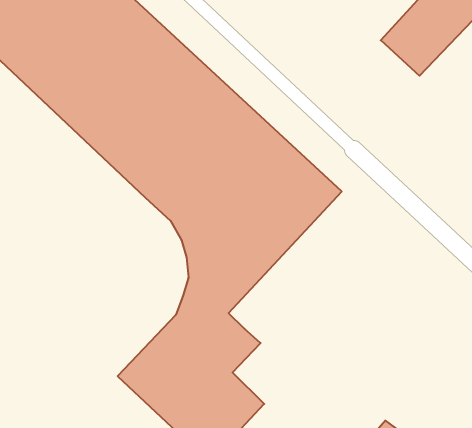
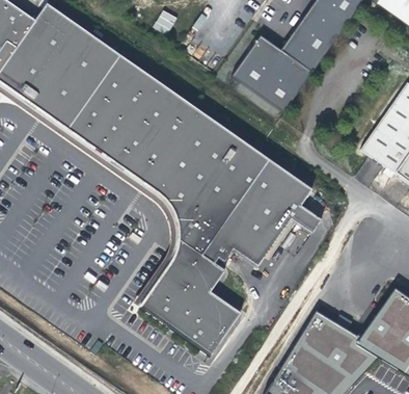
building: none -> [231,35,311,112]
building: none -> [202,158,322,266]

